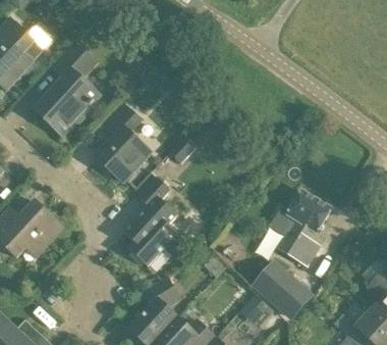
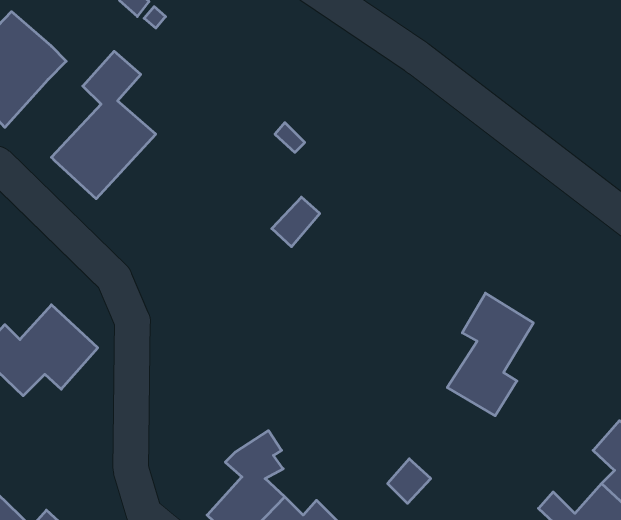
building: [95,104,149,181] -> none
building: [122,176,183,266] -> none
building: [254,262,312,318] -> none

